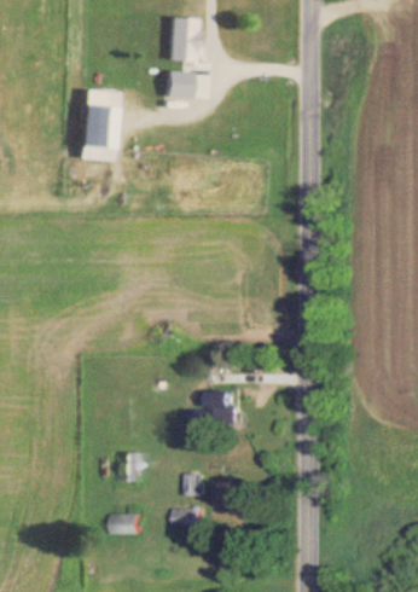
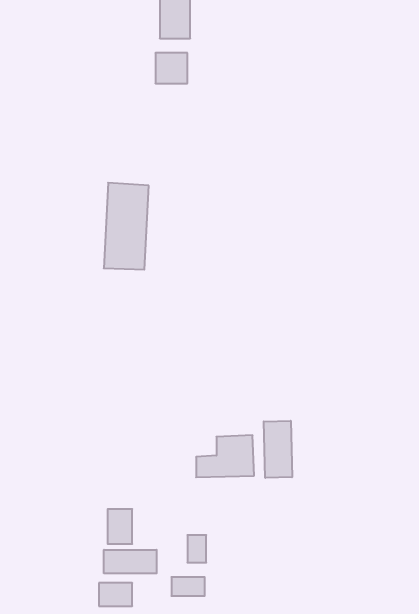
building: [79,88,116,161] -> [104,183,149,270]
building: none -> [264,421,292,478]
building: none -> [104,550,157,573]

